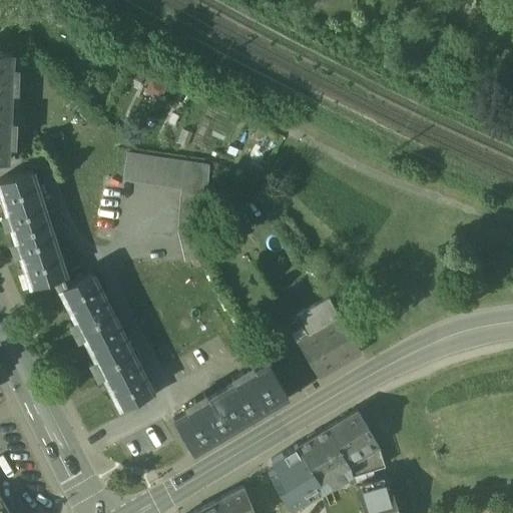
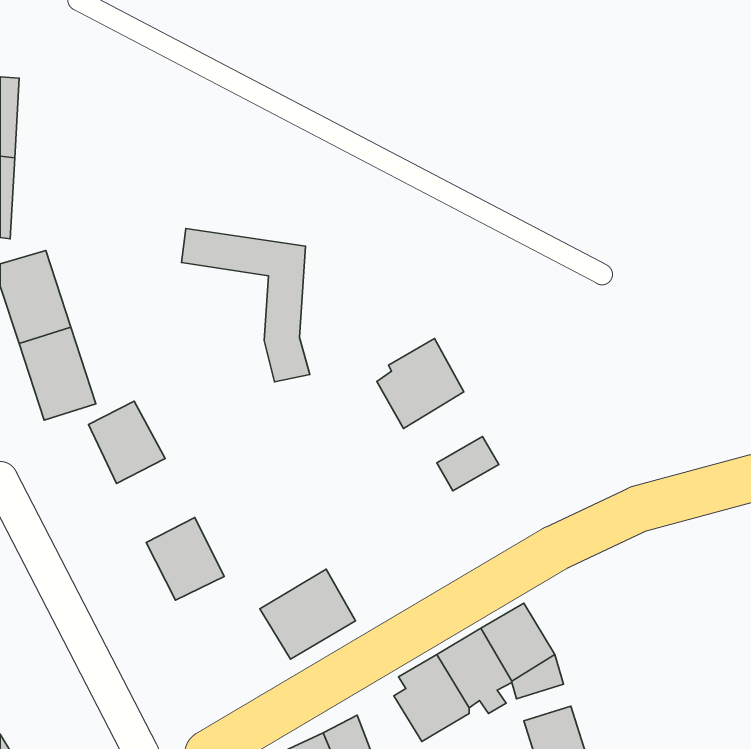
building: [81,315,134,372] -> none
building: [302,319,361,380] -> [377,339,464,429]
building: [223,363,289,425] -> none

